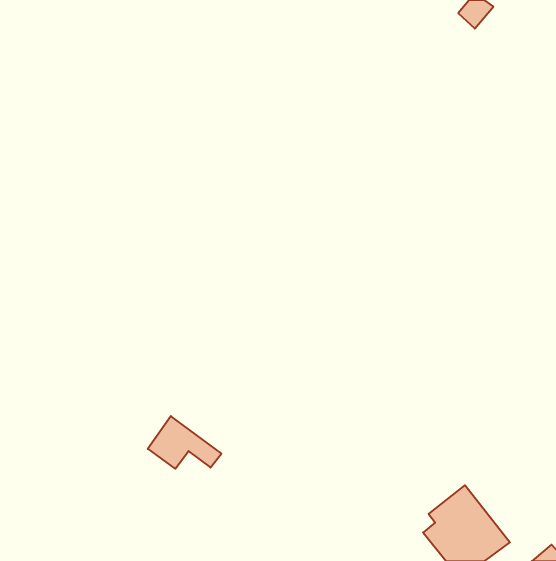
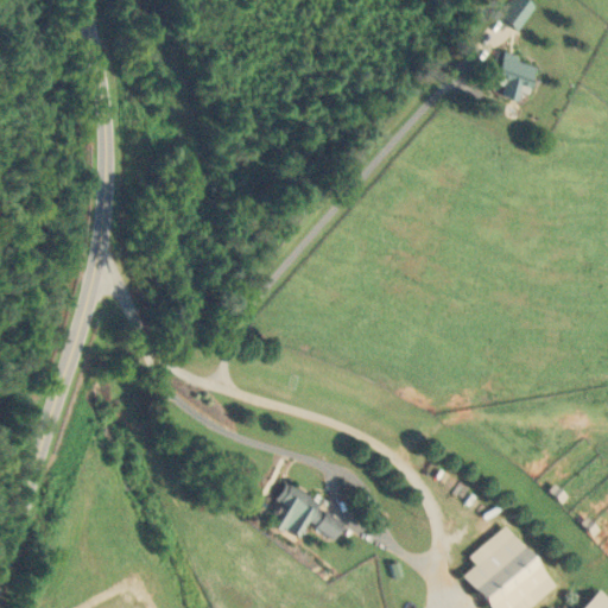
building: none -> [494,53,538,93]
building: [148,416,221,469] -> [267,483,347,540]

